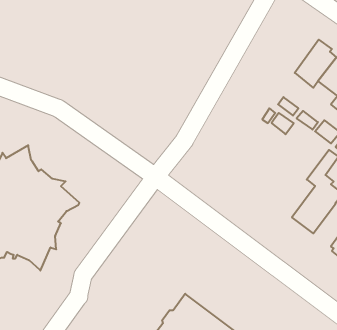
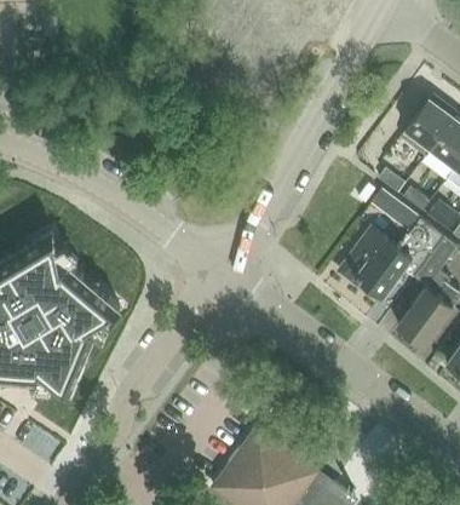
building: none -> [343,220,445,298]

